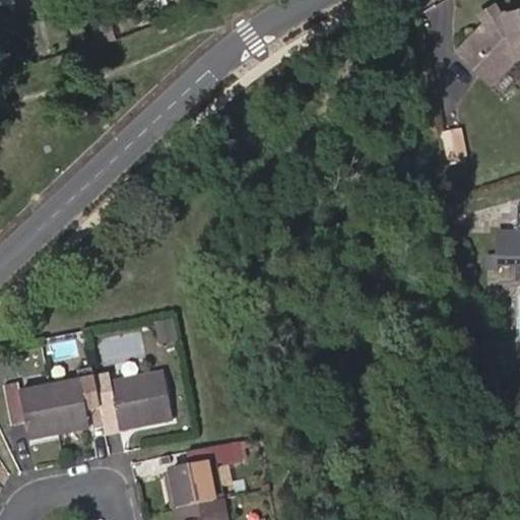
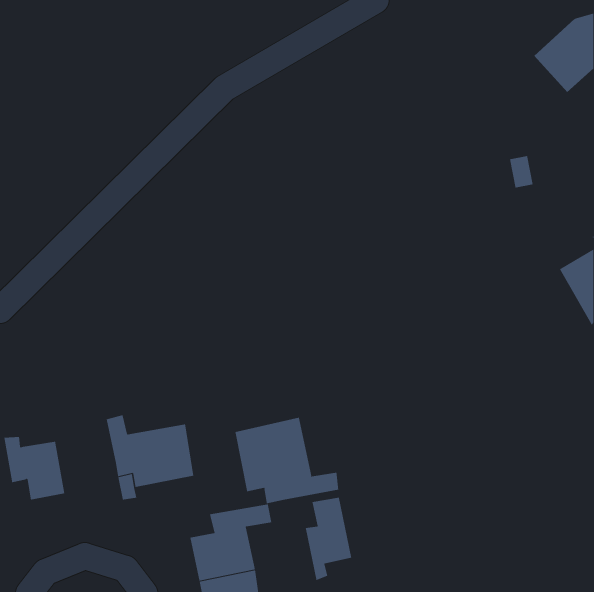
building: none -> [235,417,339,504]
building: [49,368,101,433] -> none
building: none -> [305,497,352,581]

